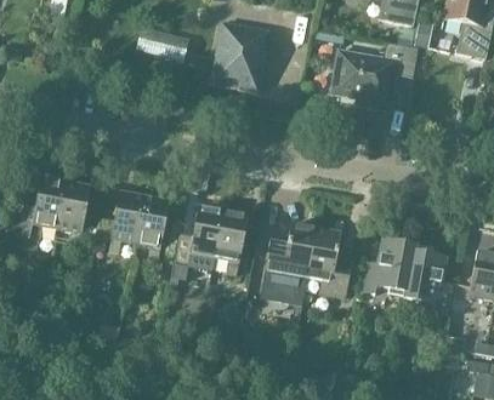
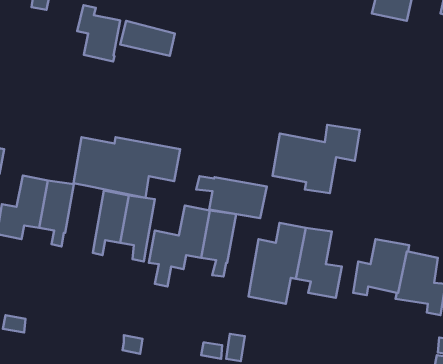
building: none -> [77,5,120,61]
building: [209,22,266,91] -> none
building: [334,42,419,109] -> [272,125,360,193]
building: none -> [73,137,180,198]
building: none -> [196,176,267,218]

